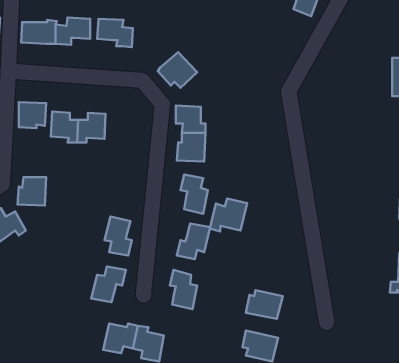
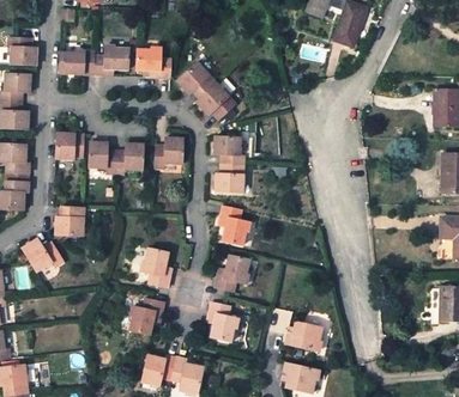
building: none -> [177,61,217,98]
building: none -> [155,138,183,167]
building: [210,199,247,231] -> none

